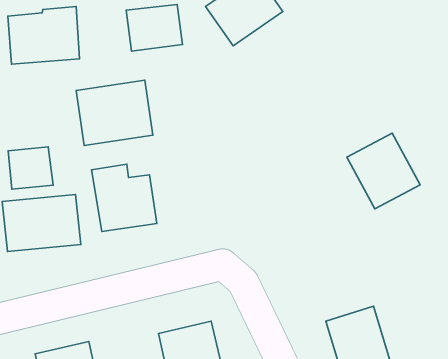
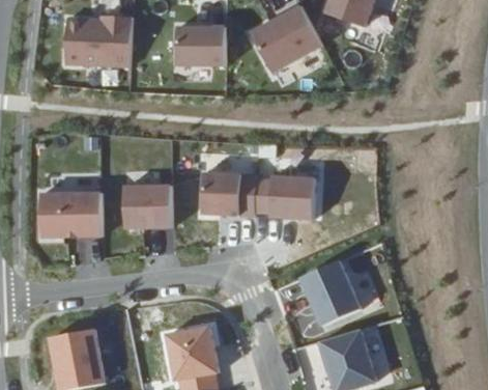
building: [76,80,153,145] -> none
building: [347,133,420,209] -> [299,258,364,326]
building: [8,147,53,189] -> none
building: none -> [199,171,318,219]

